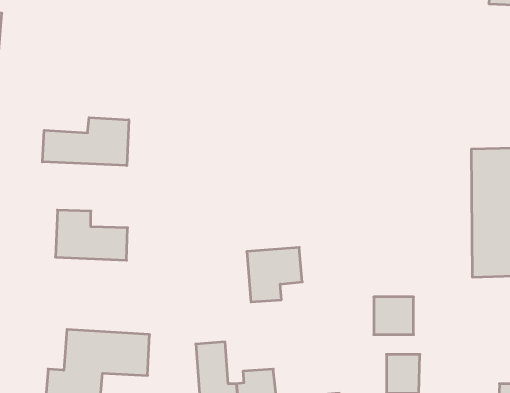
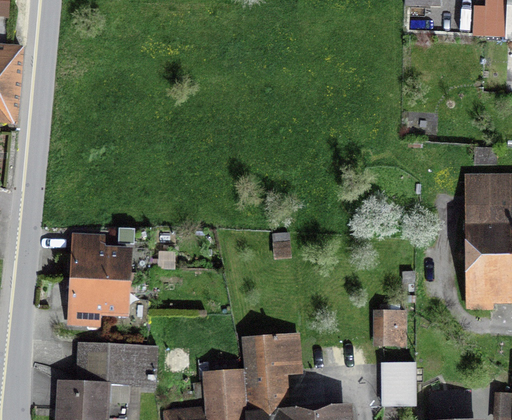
building: [42,118,129,166] -> none
building: [247,247,302,302] -> [243,333,296,385]
building: none -> [66,276,136,330]

